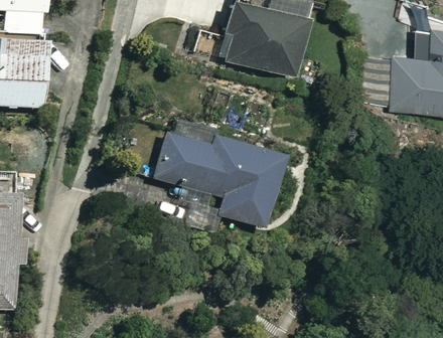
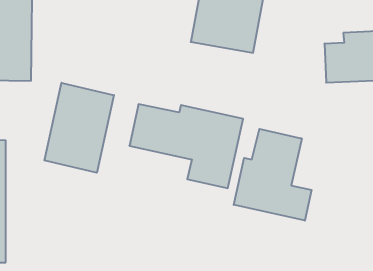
building: none -> [44,83,114,173]
building: none -> [234,129,312,221]

